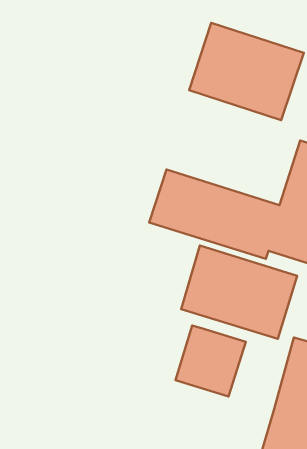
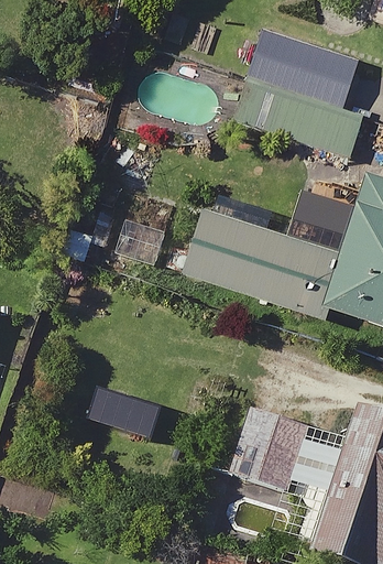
building: [181,245,297,339] -> none

